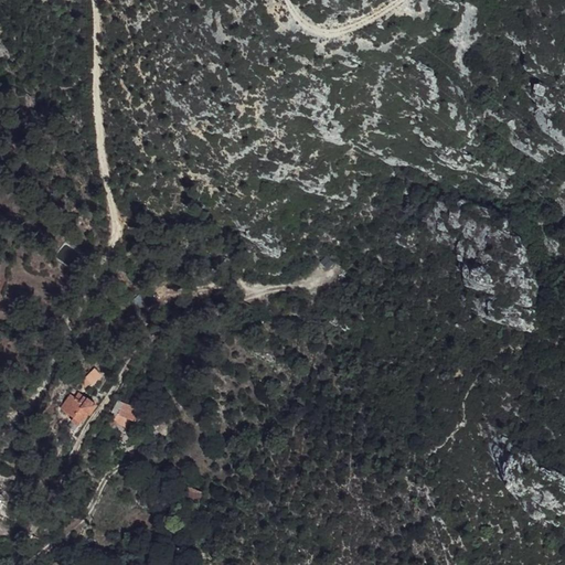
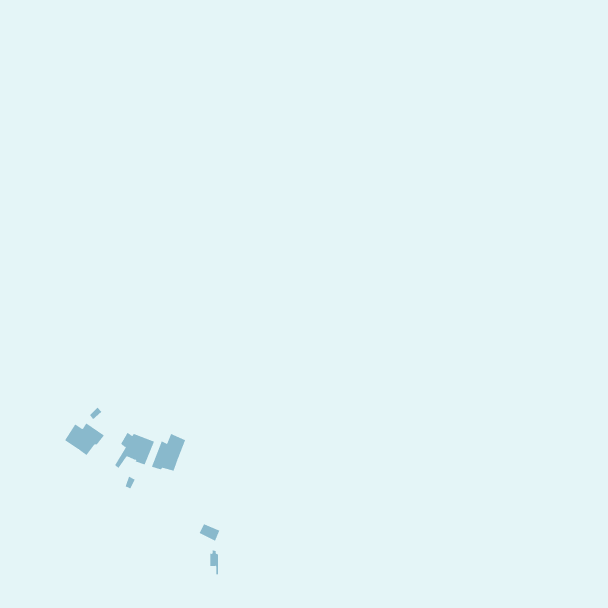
building: none -> [151,433,186,472]

